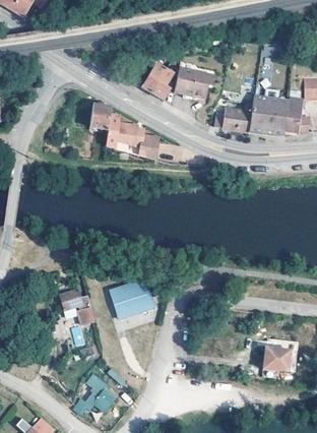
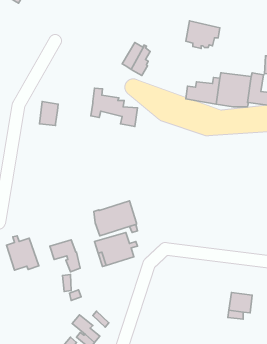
building: [175,66,213,98] -> [186,21,220,48]
building: [89,104,111,131] -> [40,101,58,126]
building: none -> [94,201,136,236]
building: none -> [6,236,39,270]

